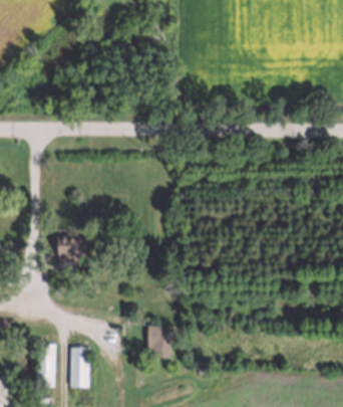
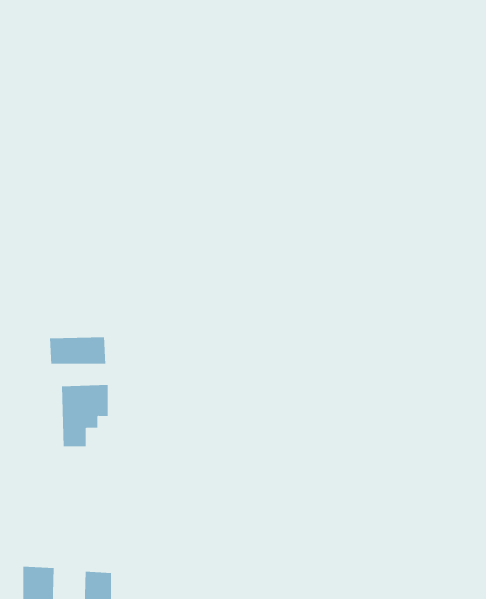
building: none -> [49,336,106,365]
building: [148,326,172,359] -> none

